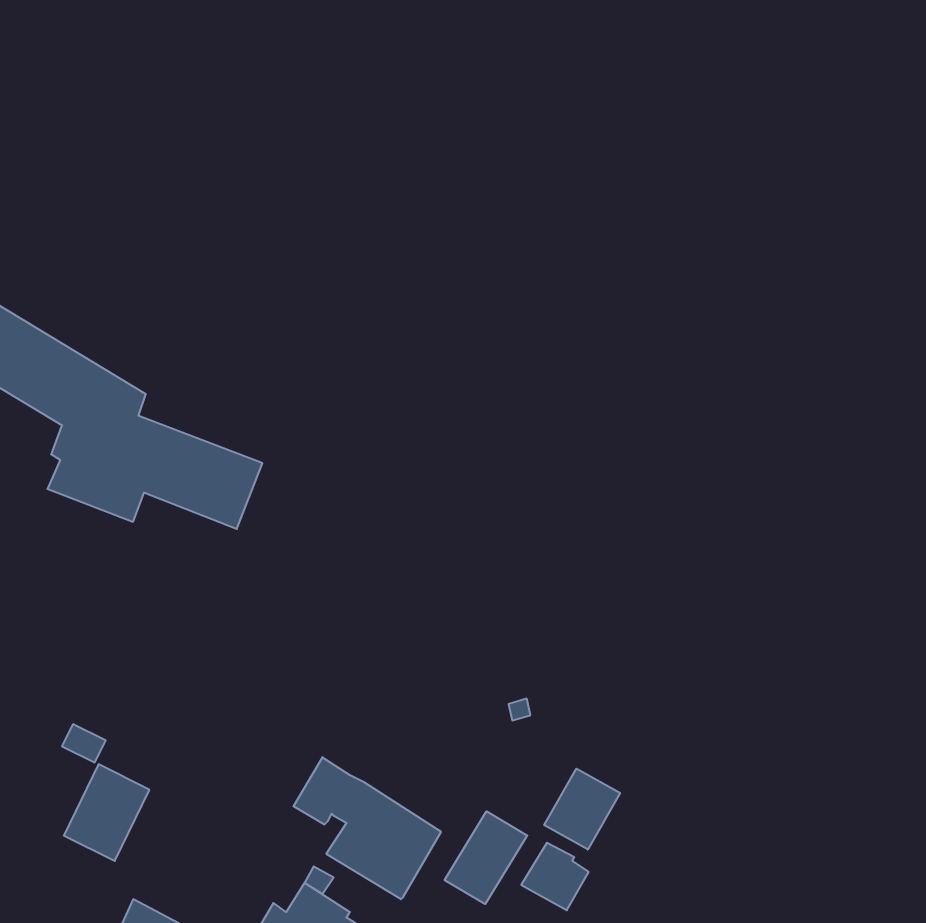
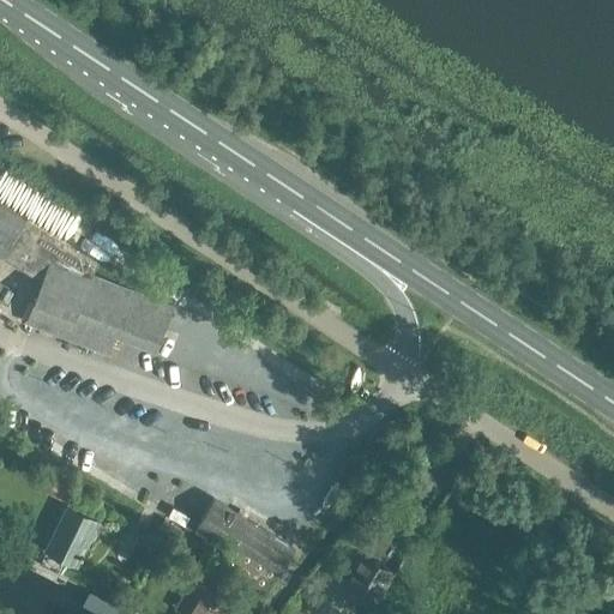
building: [544,769,620,850] -> none
building: [445,811,527,904] -> none

